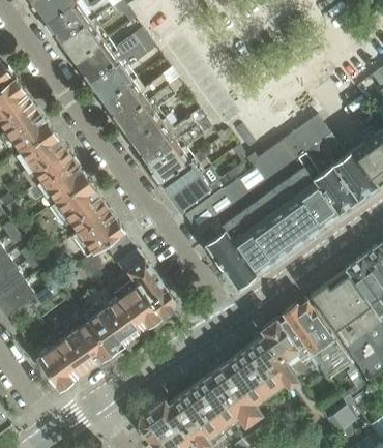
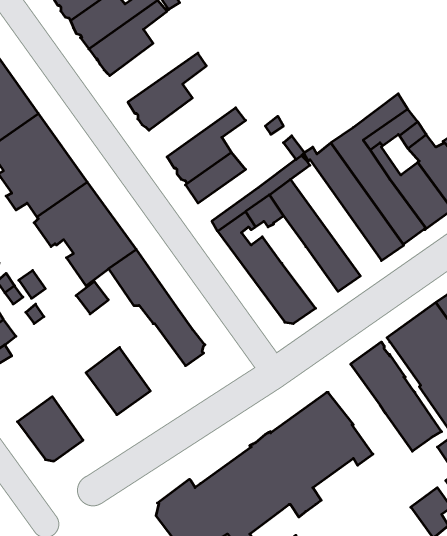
building: [105,76,170,121] -> none
building: [134,116,198,161] -> none
building: [238,163,305,249] -> none
building: [170,171,214,209] -> none
building: [232,228,273,273] -> none
building: [112,285,160,334] -> none
building: [261,315,304,359] -> none
building: [62,321,110,370] -> none

